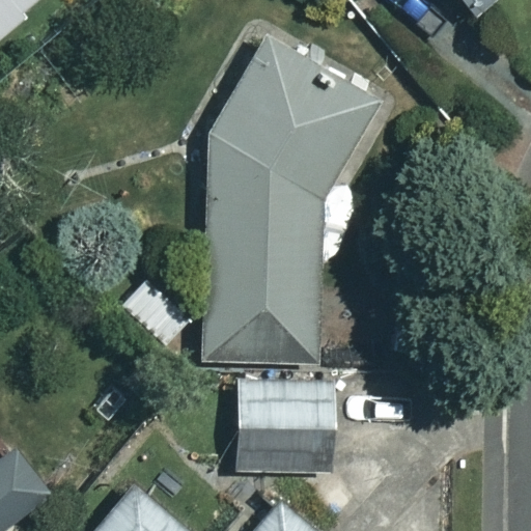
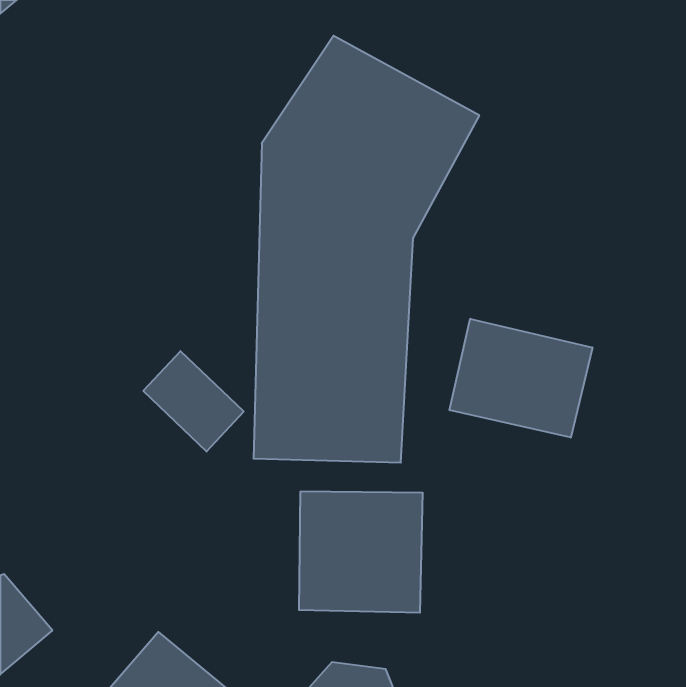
building: none -> [450,319,592,438]

